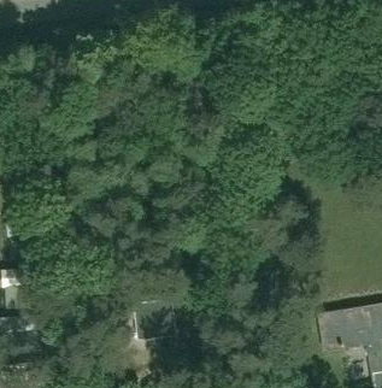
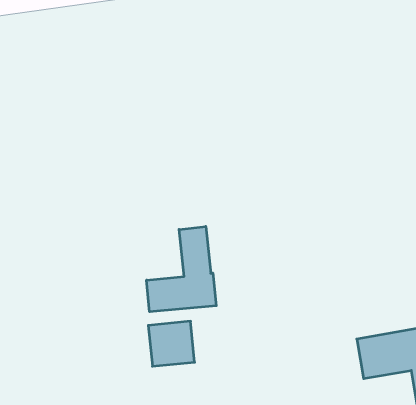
building: none -> [147,226,216,312]

